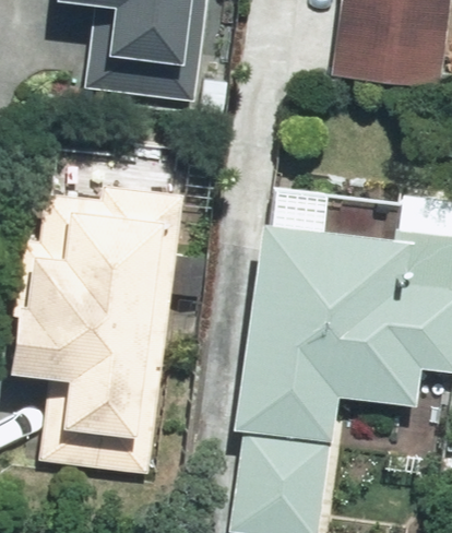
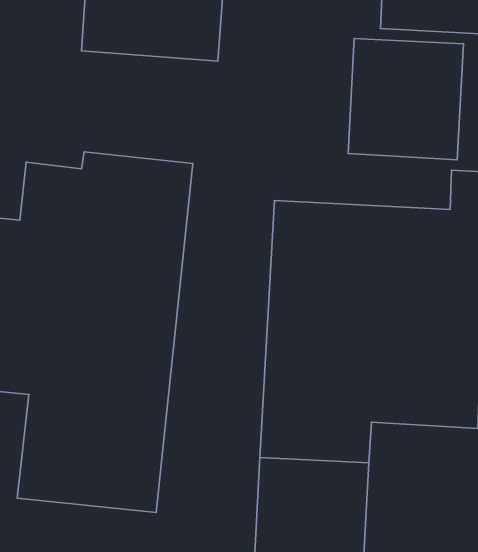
building: none -> [348,39,463,160]

